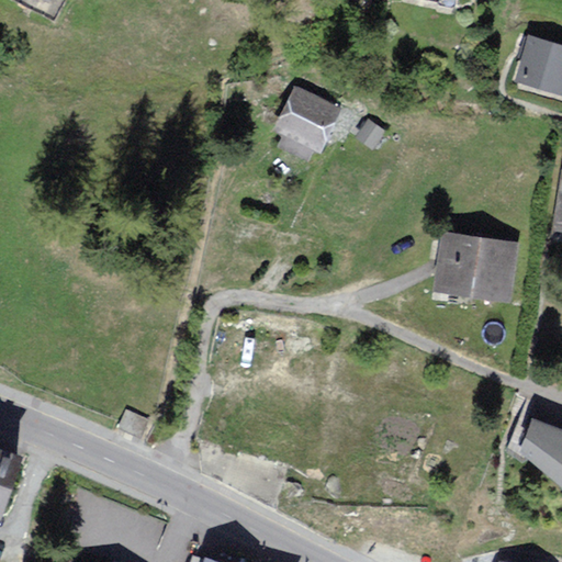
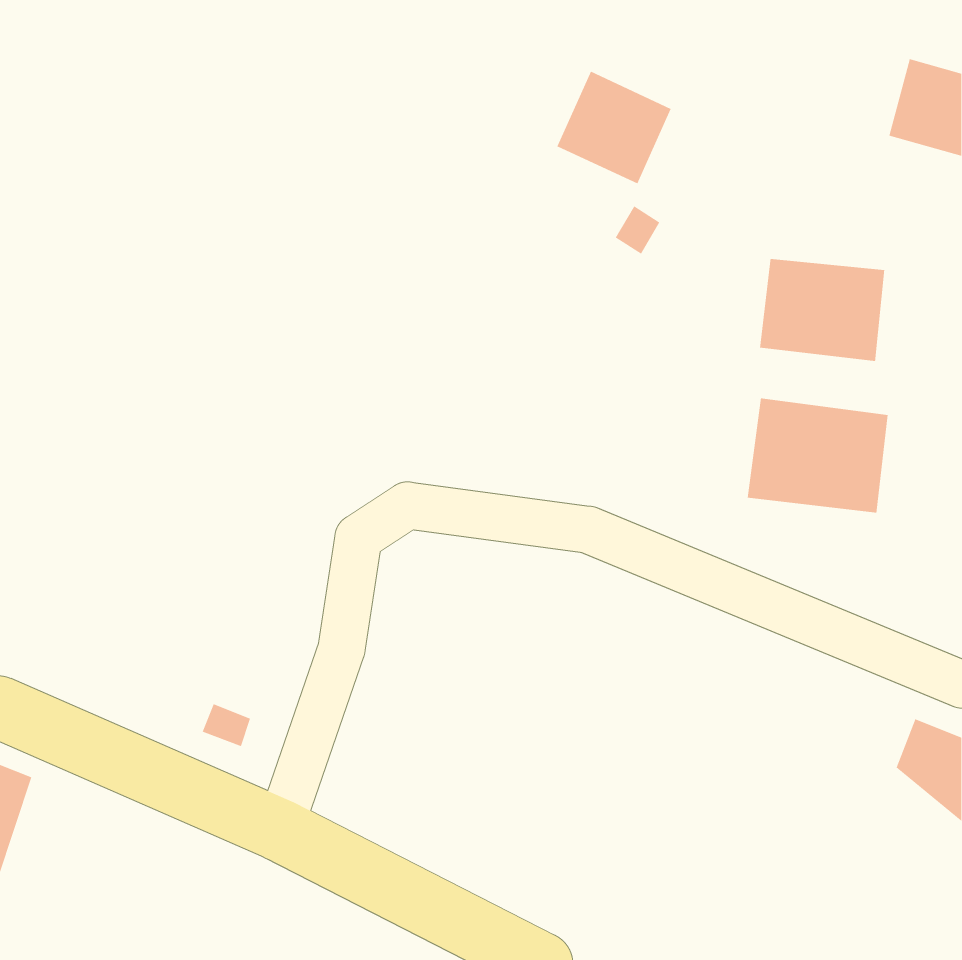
building: [276,85,342,150] -> [557,71,672,184]
building: none -> [760,258,885,362]

